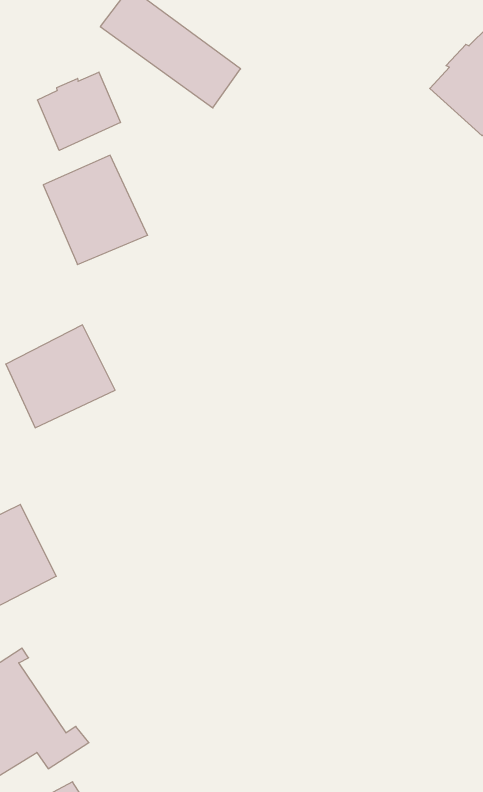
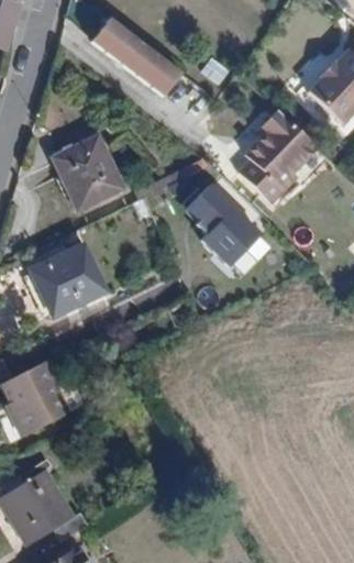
building: [38,72,120,150] -> none
building: none -> [243,100,314,189]
building: none -> [189,186,266,272]

